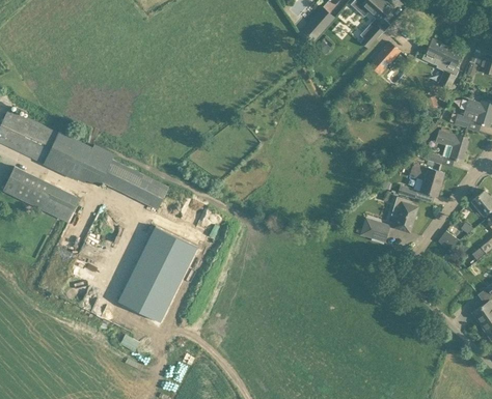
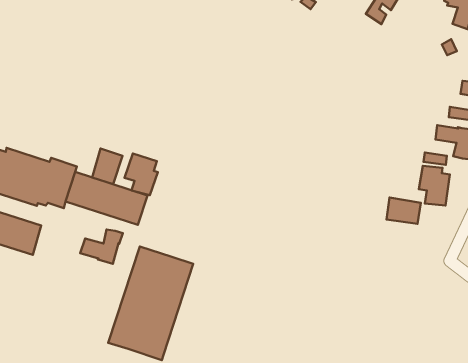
building: none -> [92,149,122,184]
building: none -> [124,154,158,195]
building: none -> [80,229,123,264]

